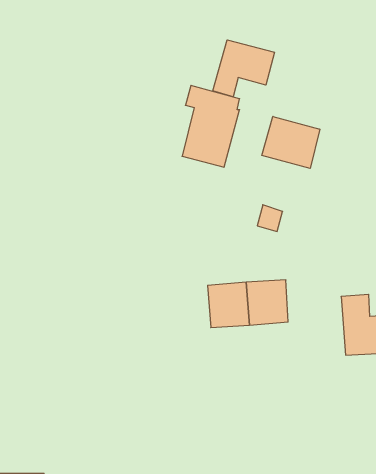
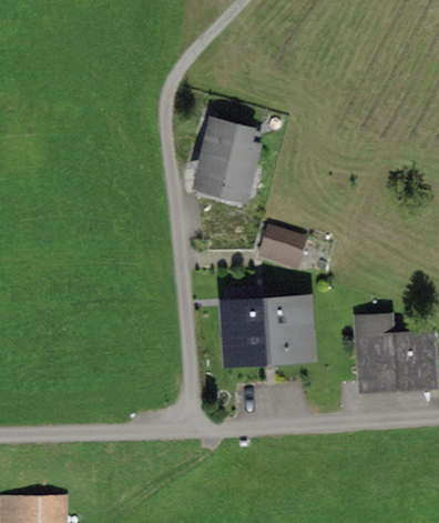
building: [213,40,275,97] -> none
building: [262,116,320,168] -> none

